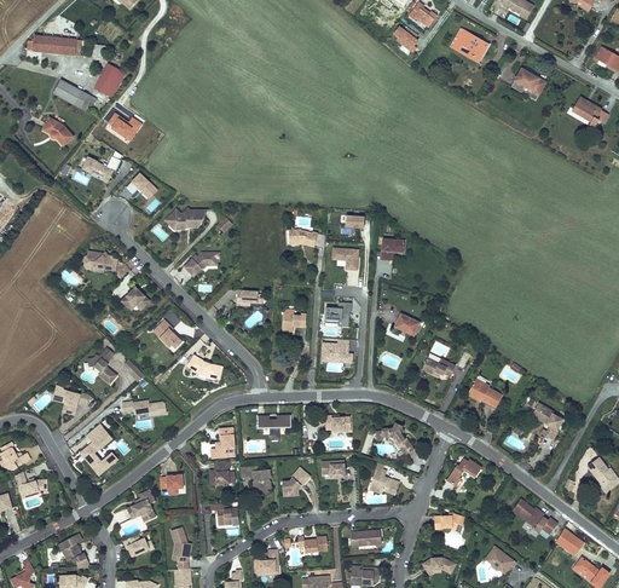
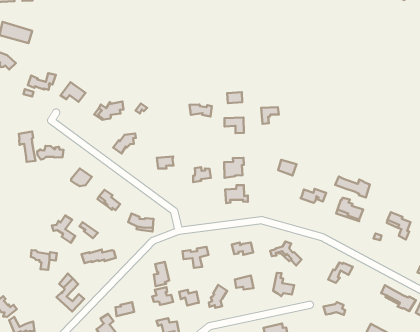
building: [98,63,127,97] -> none
building: [104,113,141,143] -> none
building: none -> [19,131,35,162]
building: none -> [335,177,370,198]

